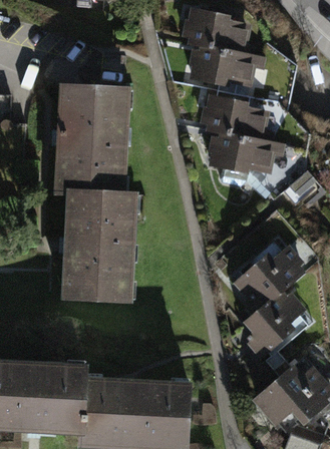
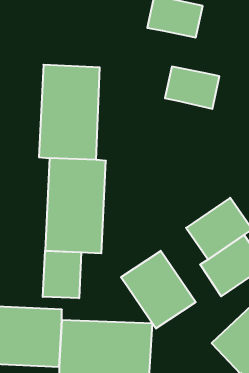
building: [192,48,254,96] -> none
building: [210,128,272,176] -> none
building: none -> [121,251,196,329]
building: none -> [43,251,81,298]

